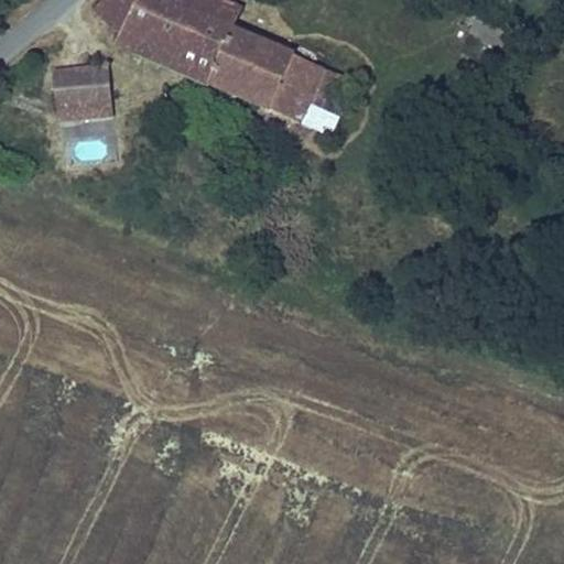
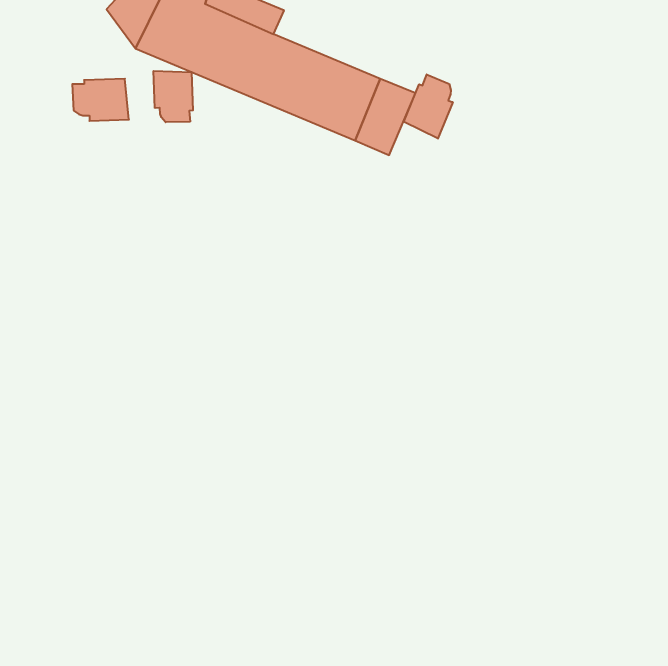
building: none -> [154,71,193,122]
building: none -> [404,74,453,139]

